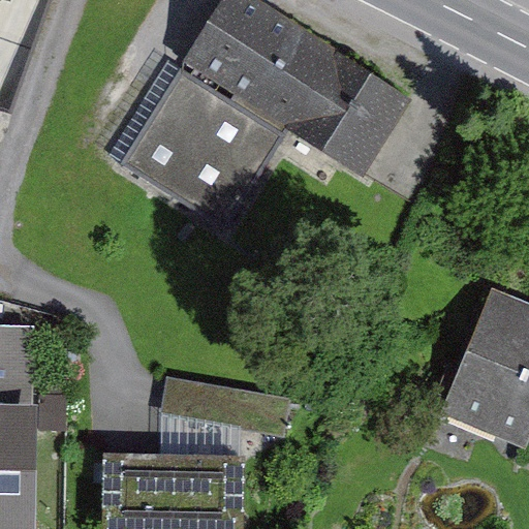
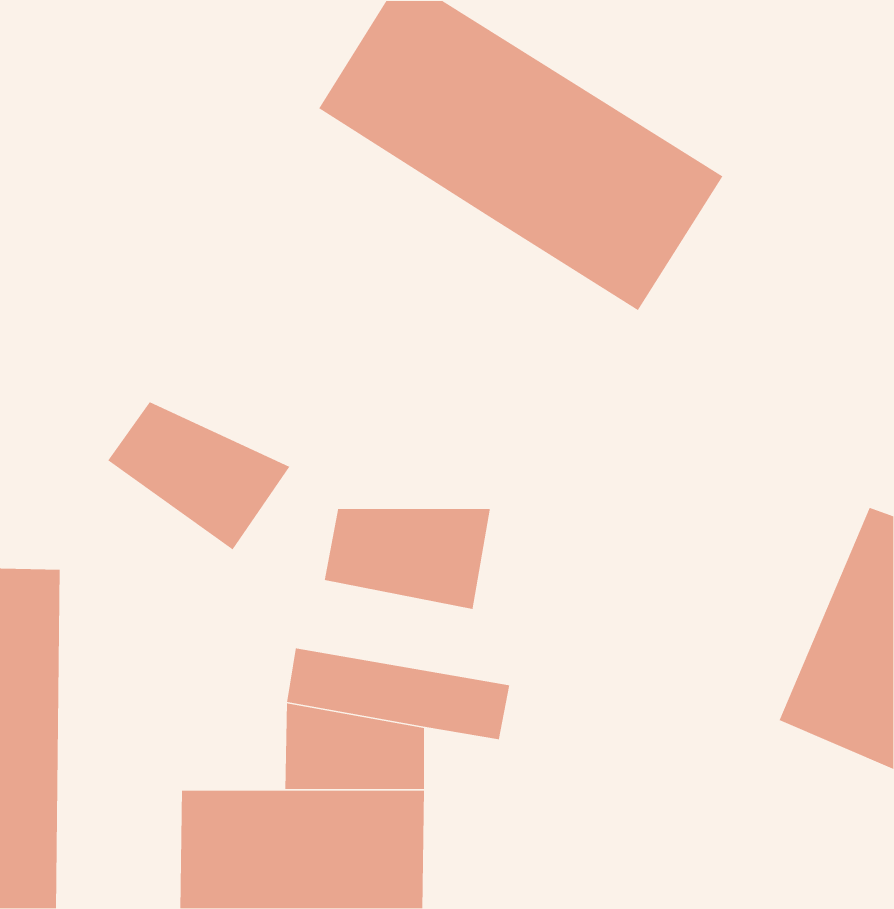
building: [94,69,277,241] -> none
building: none -> [107,401,290,551]
building: none -> [324,508,491,610]

